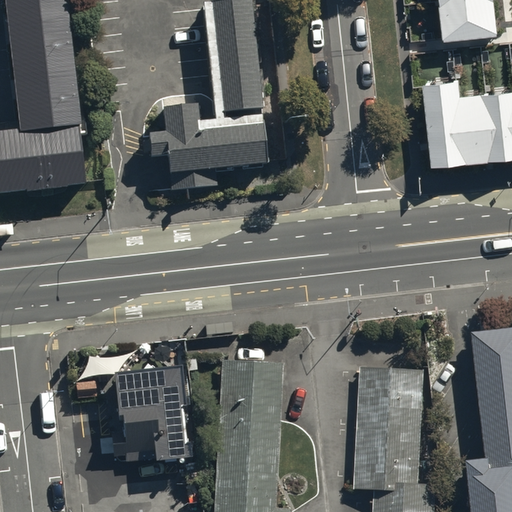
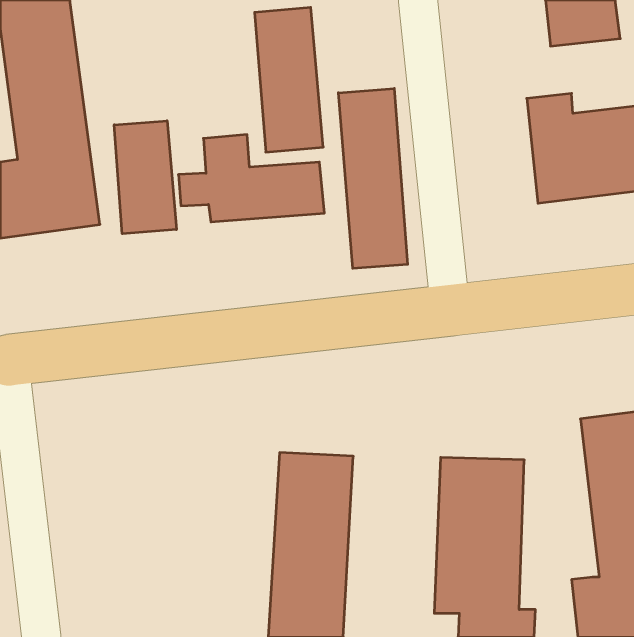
building: none -> [338,88,408,268]
building: none -> [114,121,176,234]
building: [113,355,192,452] -> none

